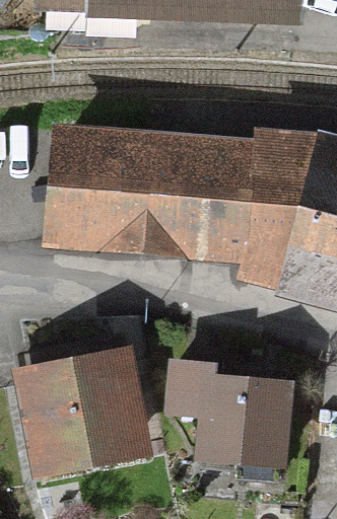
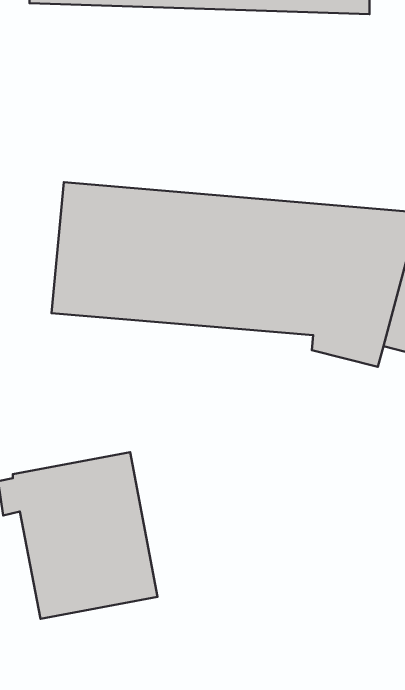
building: [176,365,288,480] -> none

